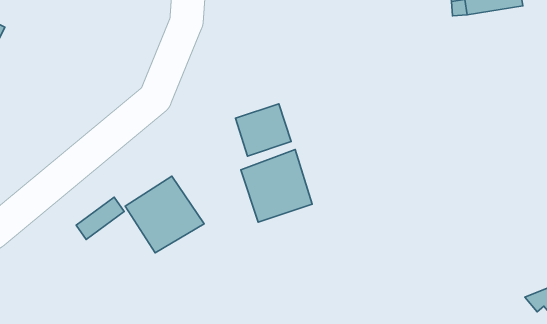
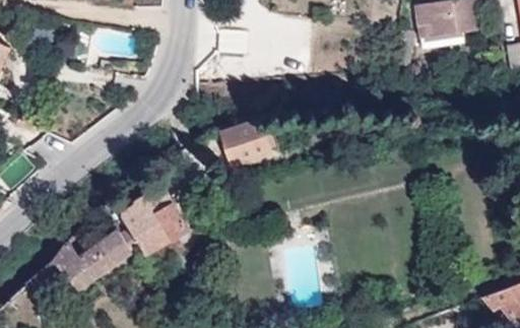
building: [241,149,312,222] -> none
building: none -> [24,231,132,303]

